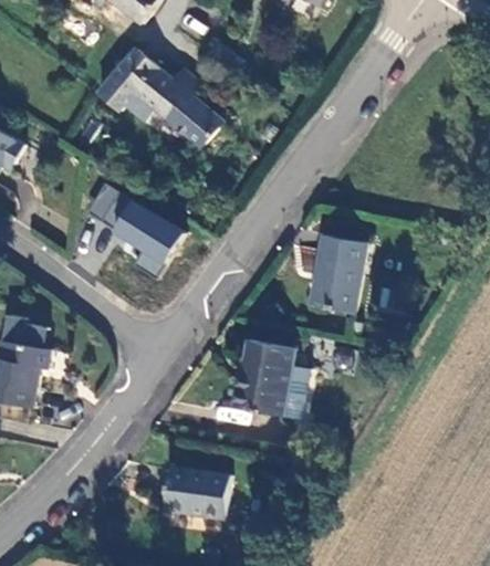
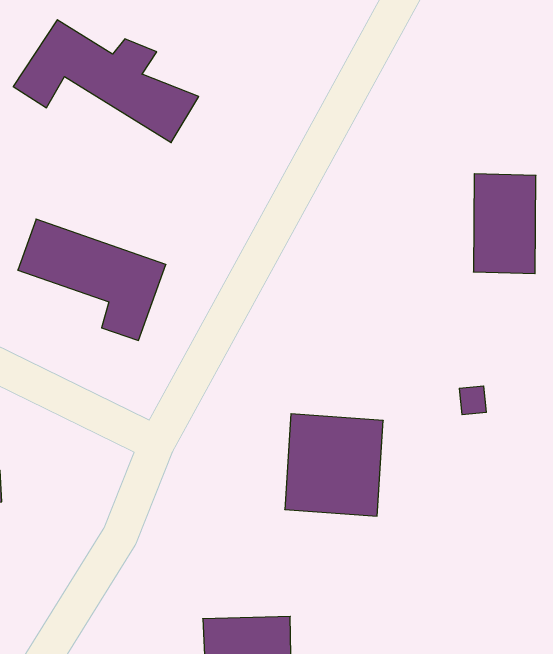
building: [312,238,364,311] -> [473,174,536,274]

